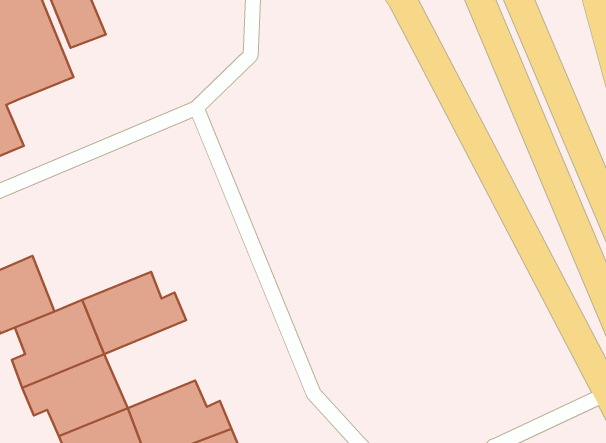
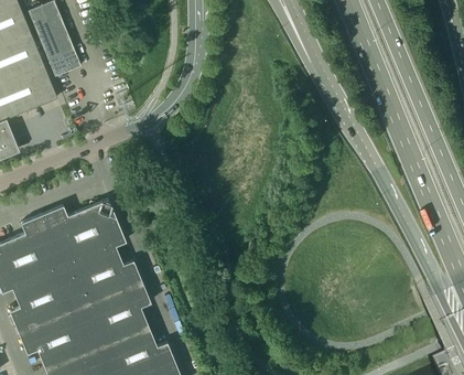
building: none -> [21,200,125,275]
building: none -> [79,281,150,347]

